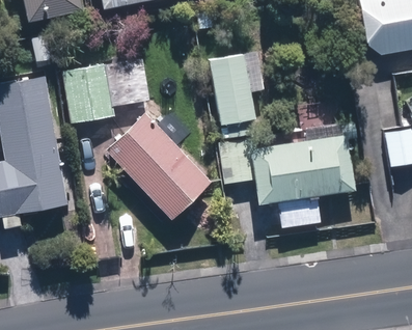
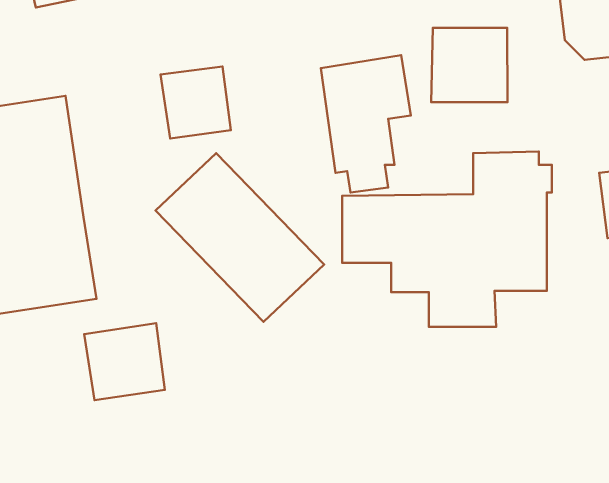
building: none -> [431,28,508,102]
building: [64,64,116,123] -> none
building: none -> [84,323,165,400]

